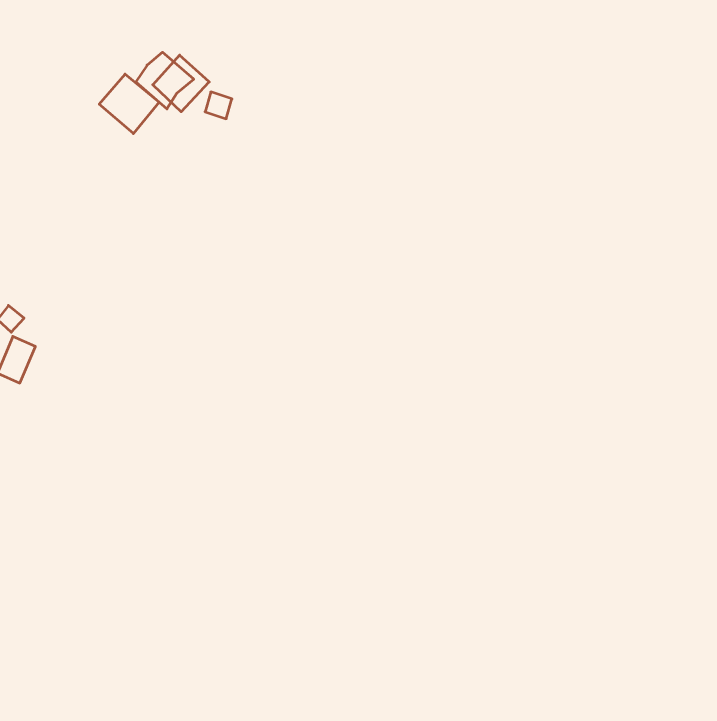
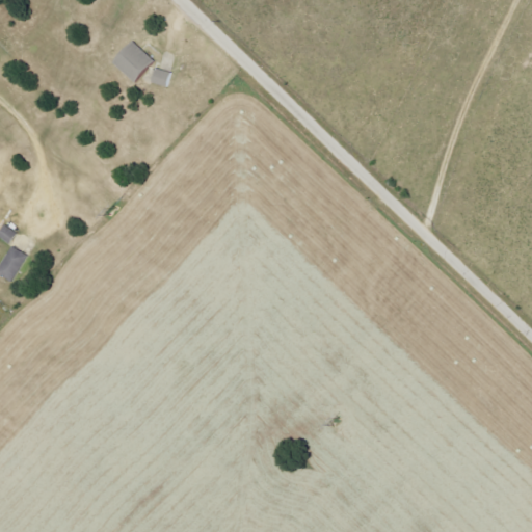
building: [99,74,159,134] -> none

